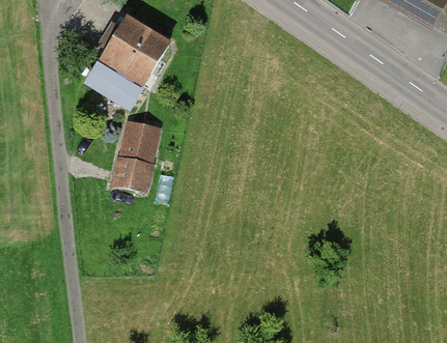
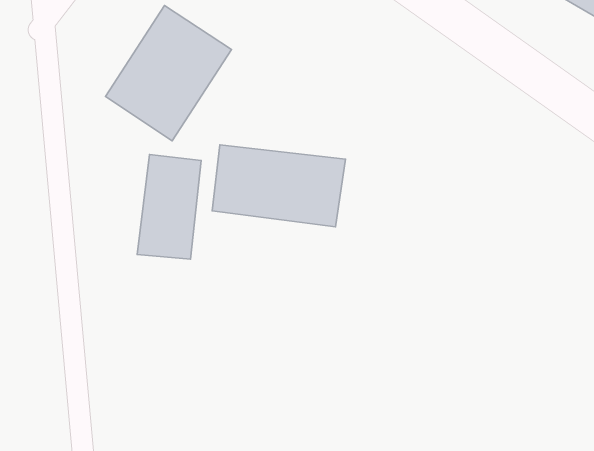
building: none -> [212,145,345,227]

